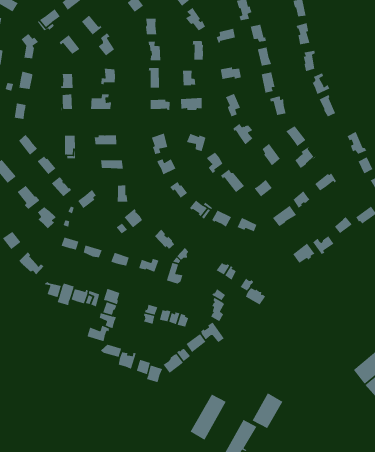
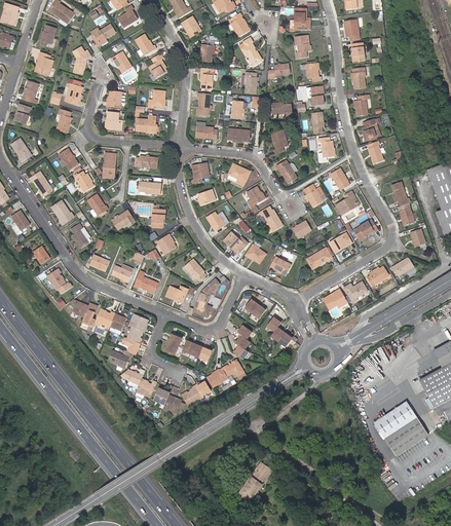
building: [252,392,284,429] -> none
building: [189,393,227,441] -> none

